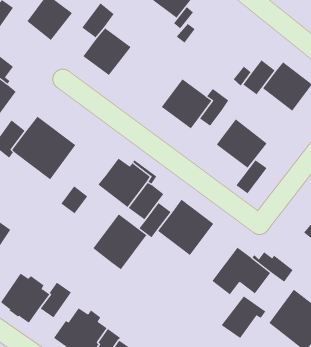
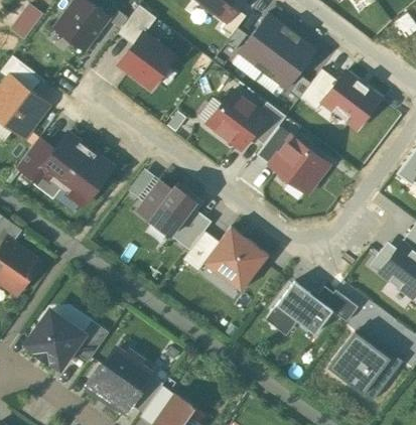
building: none -> [239,14,317,92]
building: [236,159,268,194] -> [257,127,293,166]
building: [60,186,88,214] -> [129,169,160,201]
building: [92,213,147,270] -> none
building: [221,295,266,339] -> none

